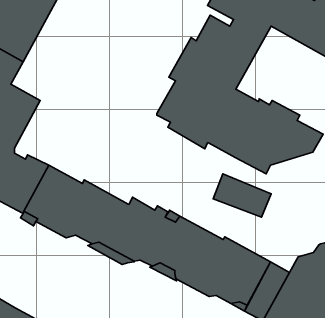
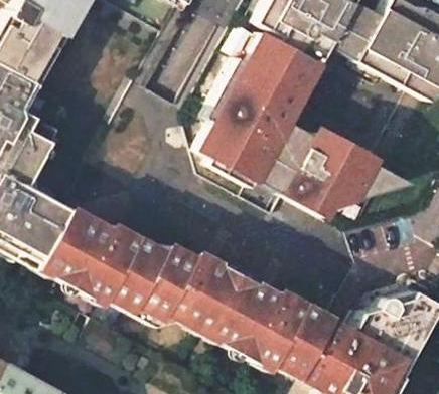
building: [213,174,271,217] -> none

